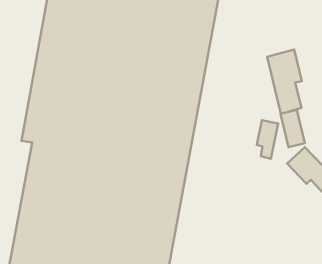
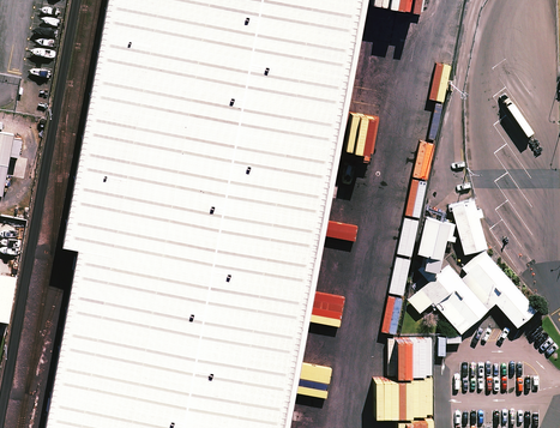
building: [267,50,302,114] -> none
building: none -> [405,264,486,332]

